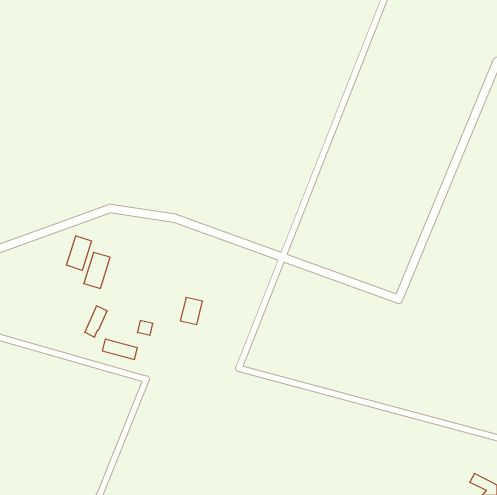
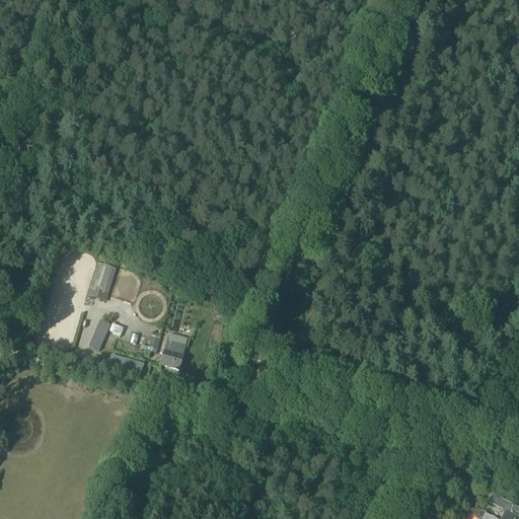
building: [67,236,91,270] -> none
building: [180,297,203,325] -> [160,340,183,368]

